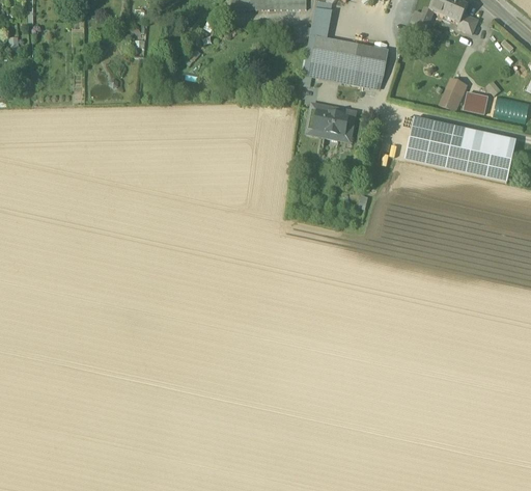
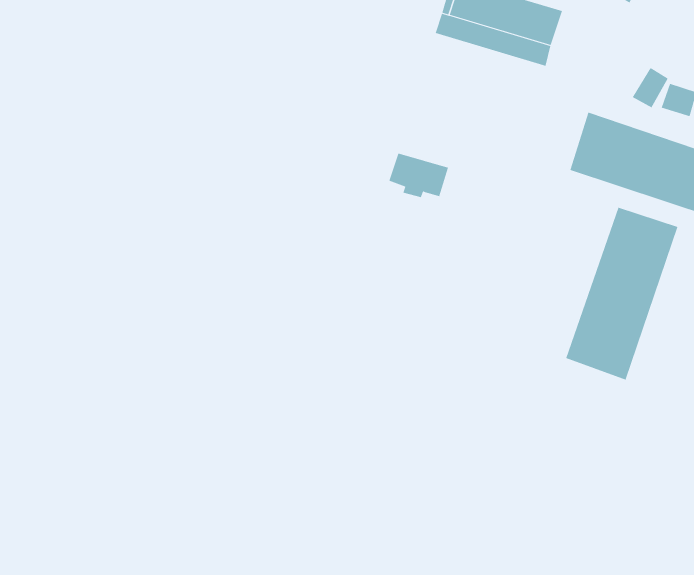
building: [313,108,354,137] -> [389,153,449,198]
building: none -> [566,207,678,380]

